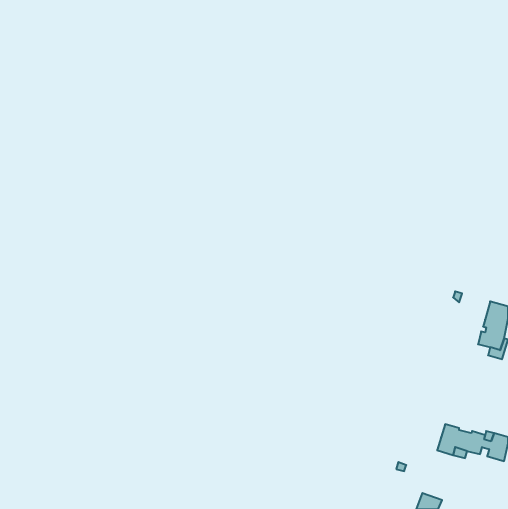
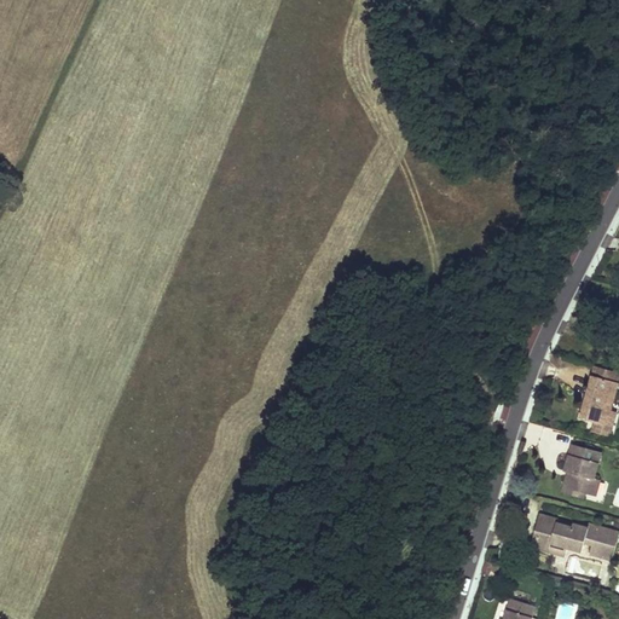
building: none -> [562,445,598,494]

